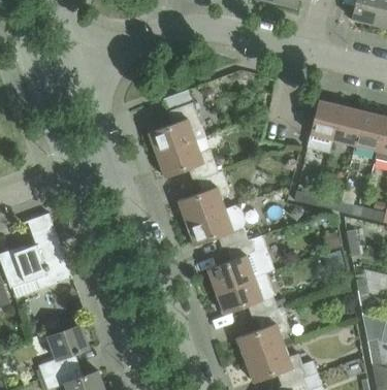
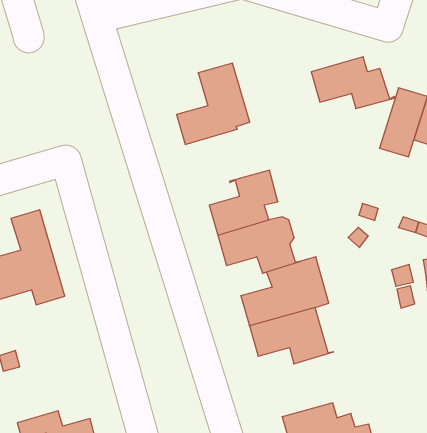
building: [157,140,223,181] -> [311,57,395,109]
building: [237,306,290,359] -> none
building: [38,324,90,378] -> none

